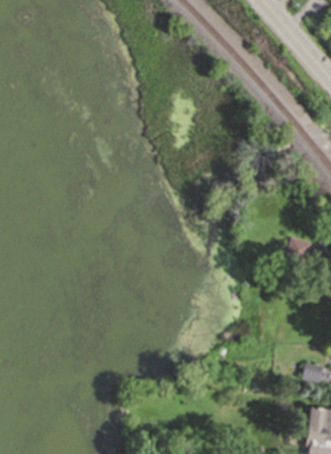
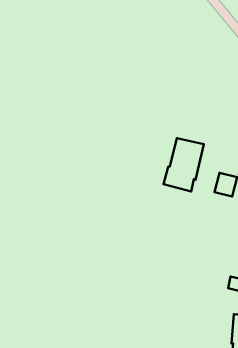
building: none -> [164,138,204,191]

